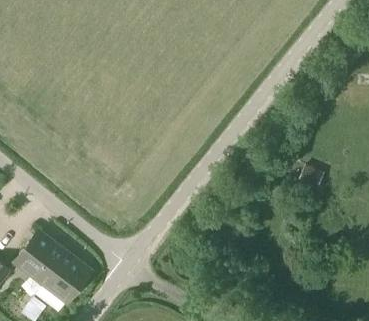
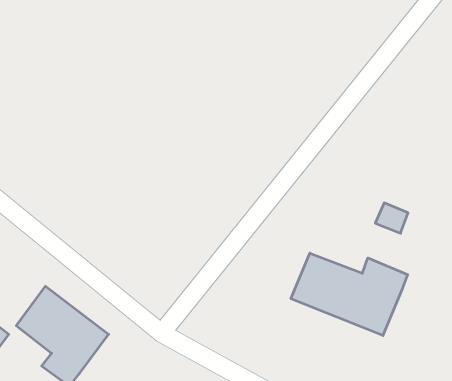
building: none -> [291,253,408,336]

